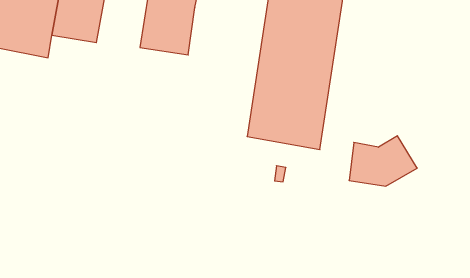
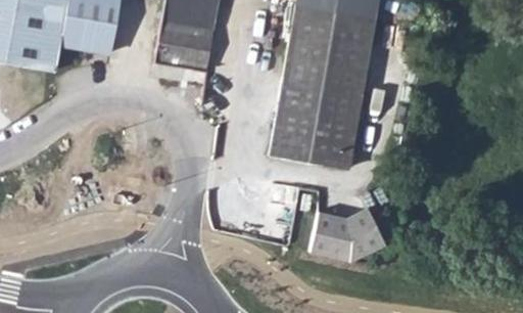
building: [349,136,417,186] -> [312,199,385,254]

